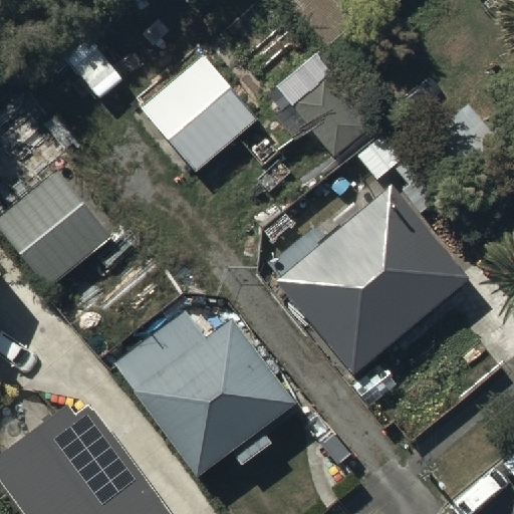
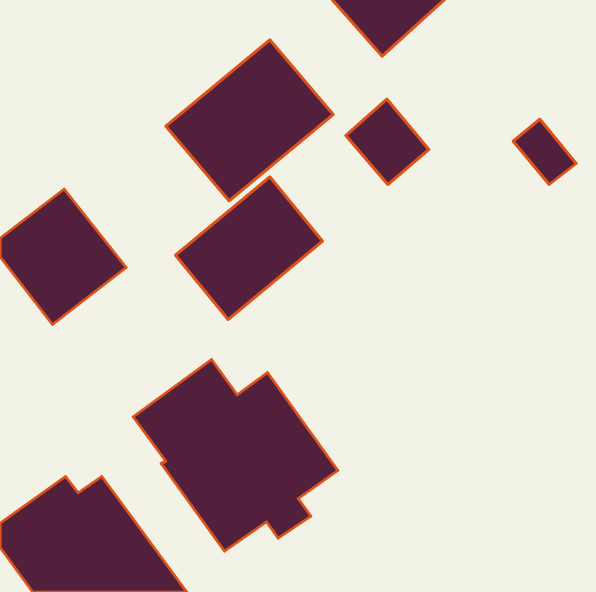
building: none -> [175,177,322,320]
building: [266,186,470,379] -> none

